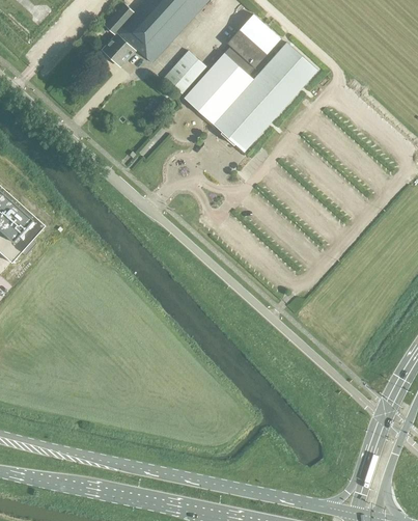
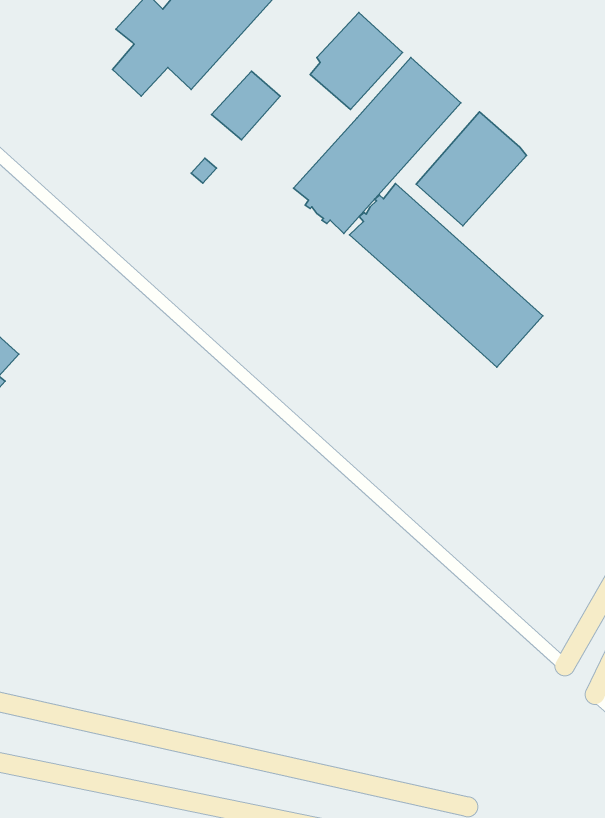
building: [185,53,253,124] -> [416,112,527,226]
building: none -> [350,184,543,367]

